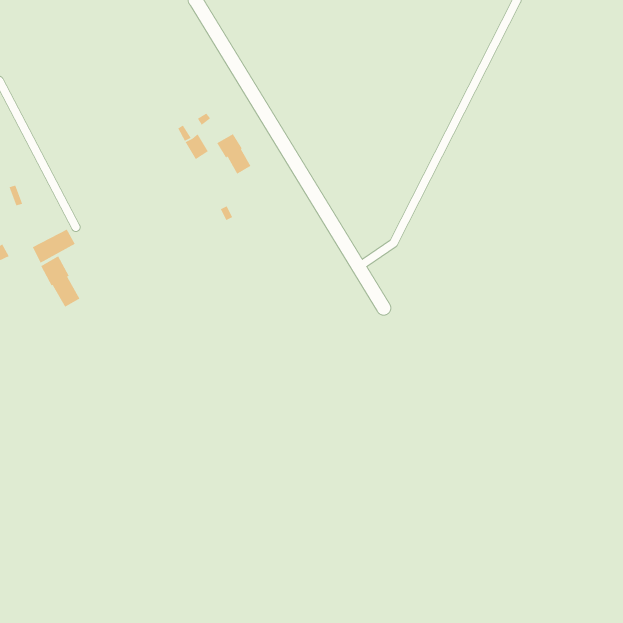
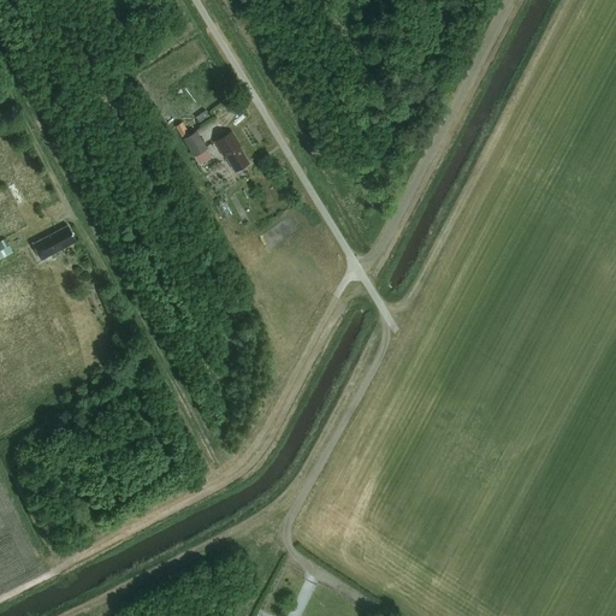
building: [40,255,81,308] -> none

